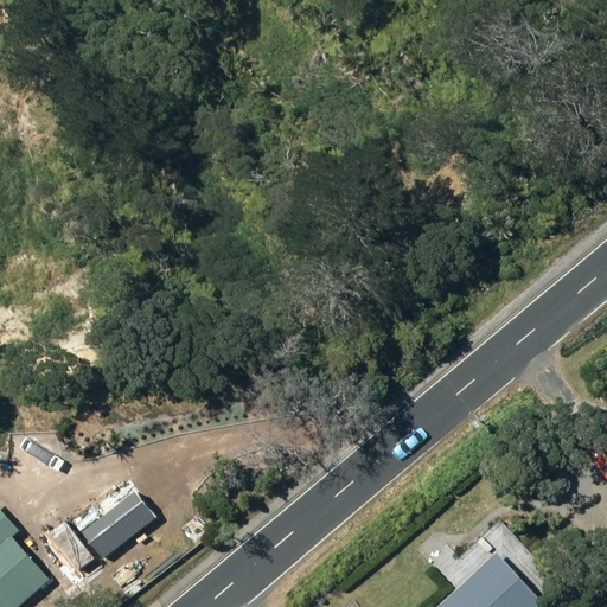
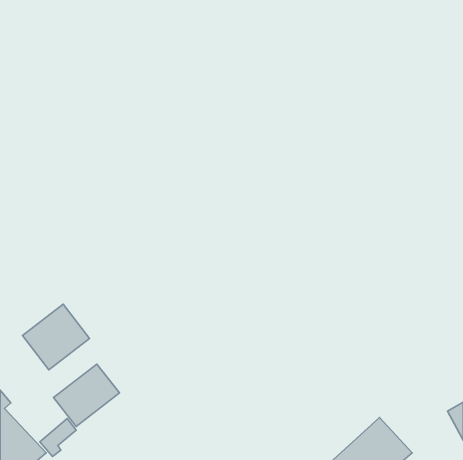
building: none -> [23,304,90,370]

